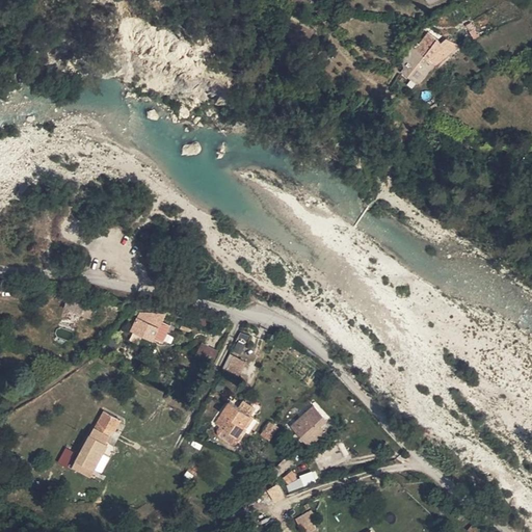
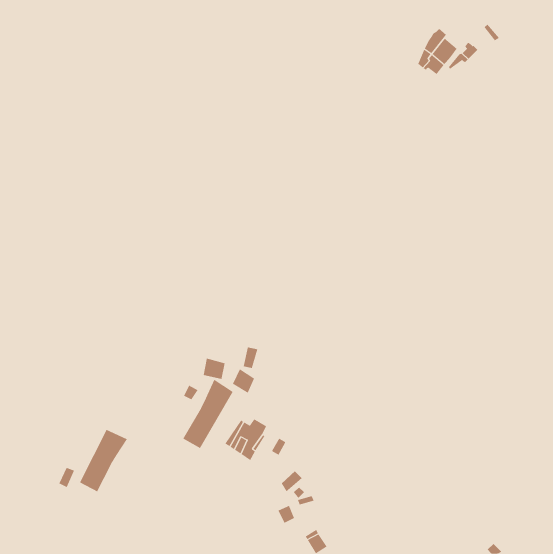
building: [129,314,171,344] -> none
building: none -> [182,379,234,449]
building: [289,406,324,446] -> none

